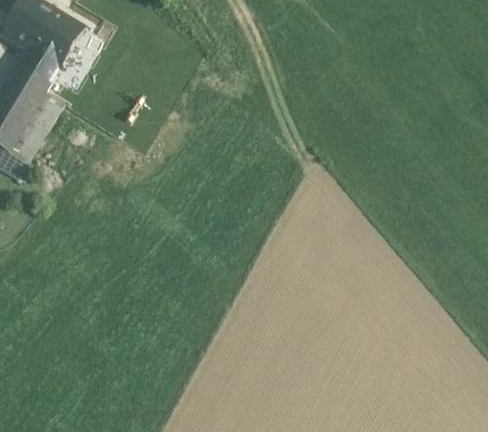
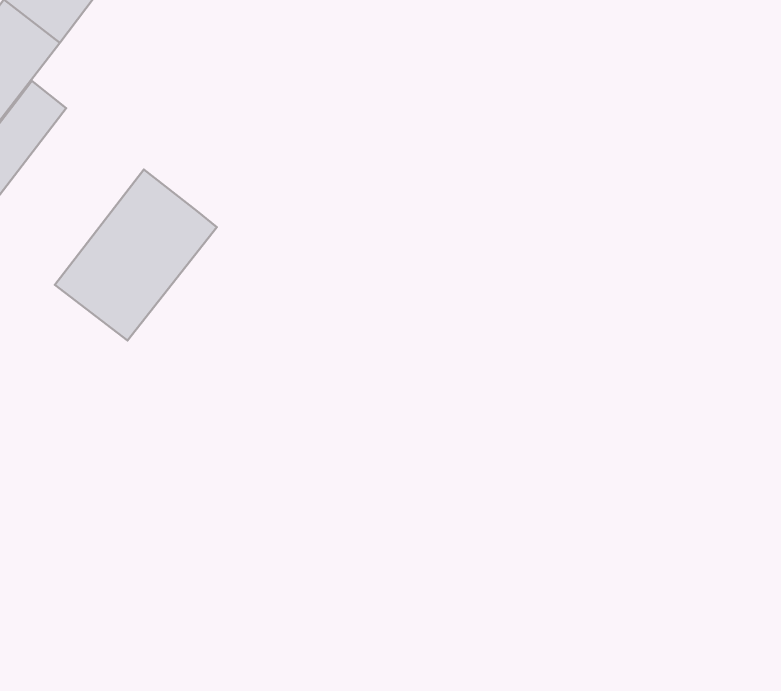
building: none -> [55,169,217,340]

